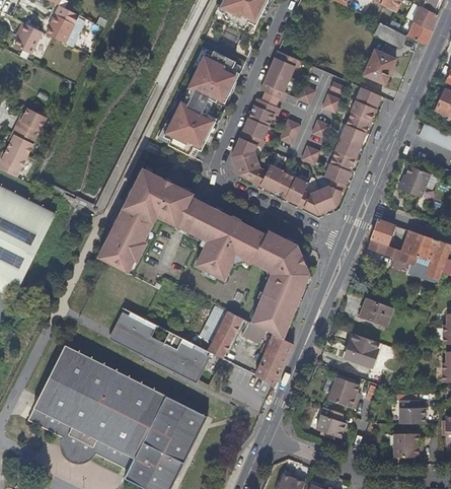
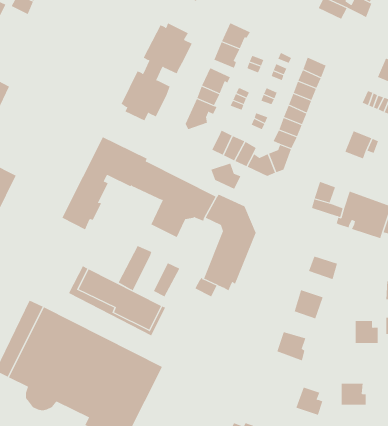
building: [363,50,394,83] -> none
building: [234,157,267,186] -> [211,163,241,190]
building: [206,310,242,359] -> [118,245,152,291]
building: [253,333,293,386] -> none
building: [401,400,427,424] -> [355,321,379,343]
building: [316,408,346,438] -> [295,387,323,416]

